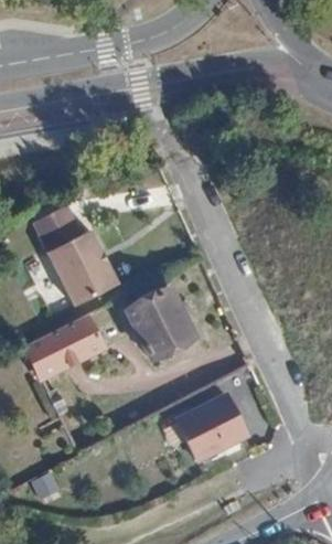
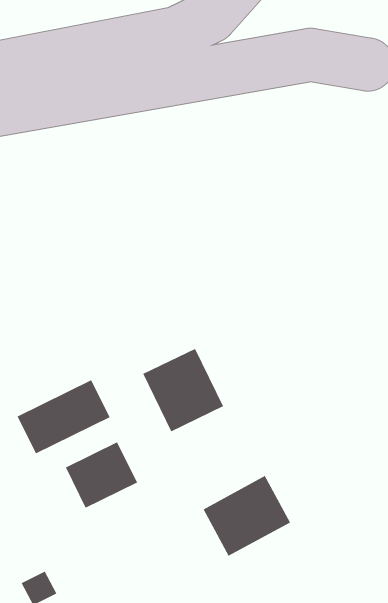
building: [38,207,119,306] -> none
building: none -> [65,441,138,509]

